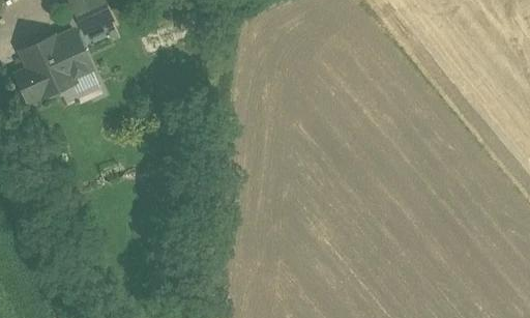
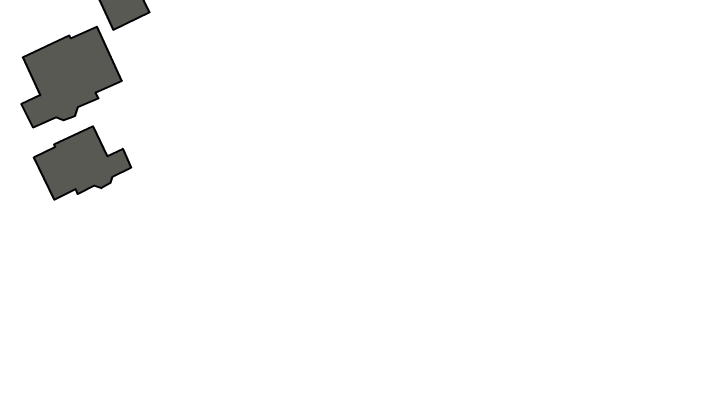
building: none -> [34,126,131,200]

